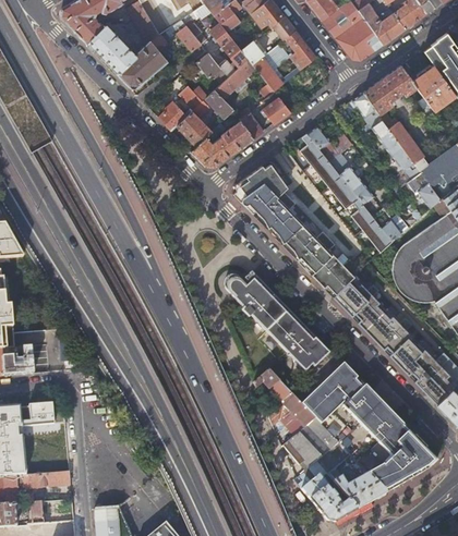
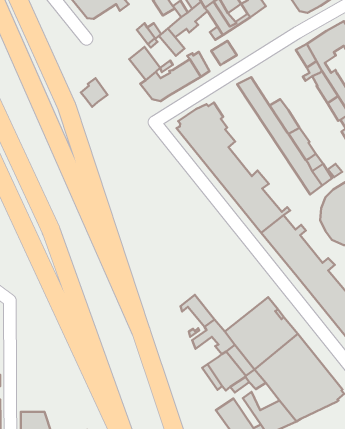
building: [158,100,186,131] -> [81,78,108,107]
building: [308,124,352,161] -> none
building: [230,271,332,371] -> none

